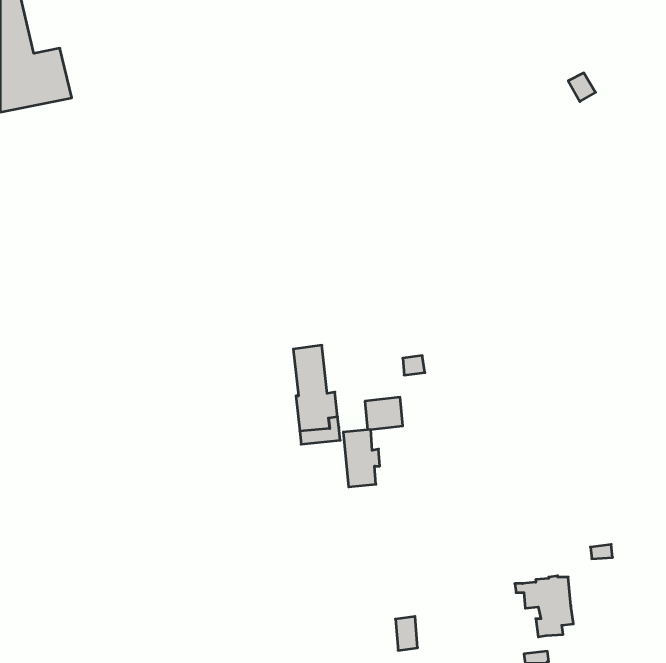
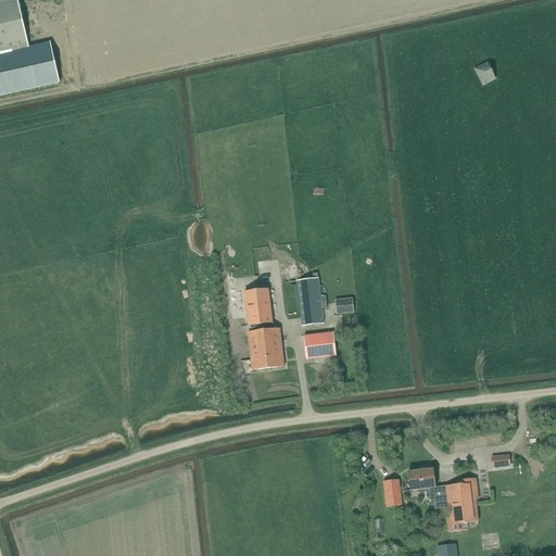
building: [343,430,380,487] -> [296,277,327,325]
building: none -> [408,468,435,489]
building: [395,616,418,650] -> [383,478,402,506]

